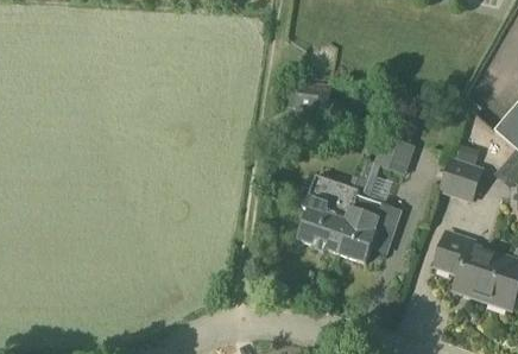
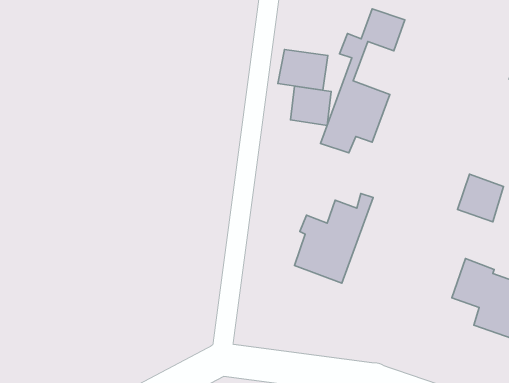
building: none -> [278,50,328,90]
building: [341,134,415,260] -> [320,9,405,153]

